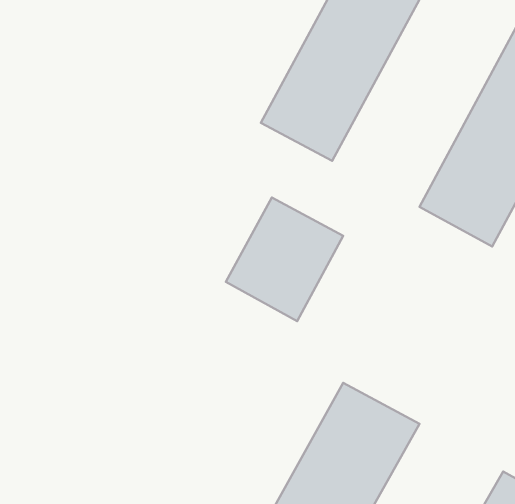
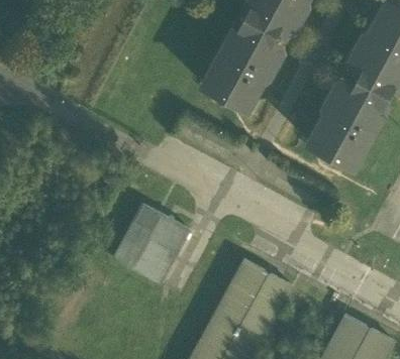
building: [226,198,343,321] -> [124,204,199,282]

